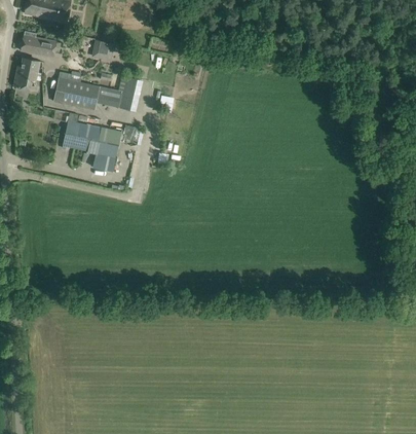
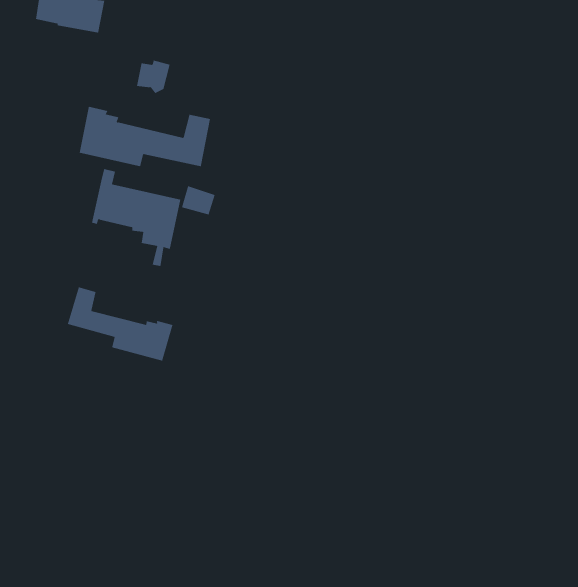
building: [21,31,63,57] -> none
building: [14,58,39,91] -> none
building: none -> [67,286,173,362]

